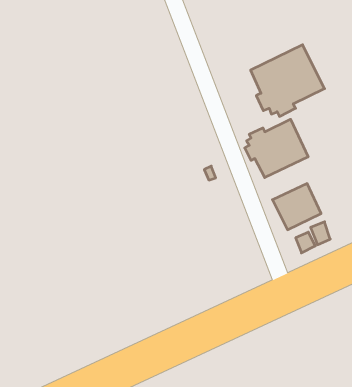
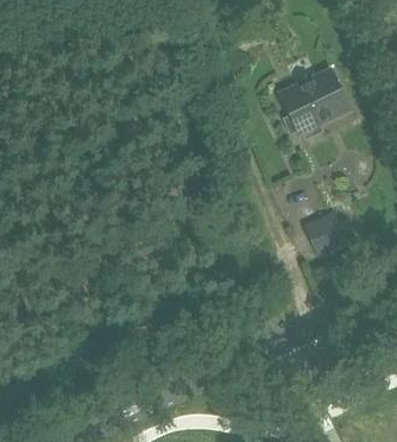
building: [245,119,308,178] -> none

